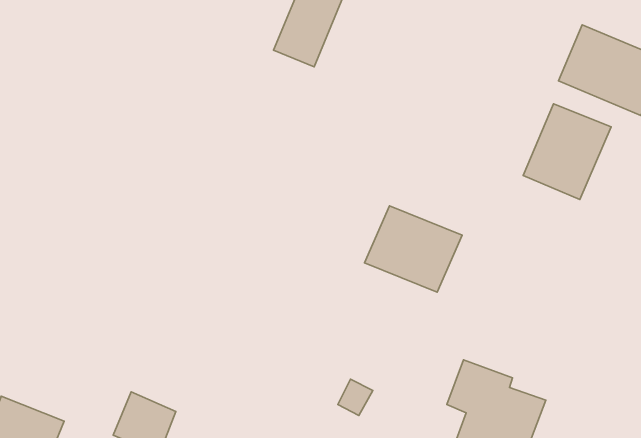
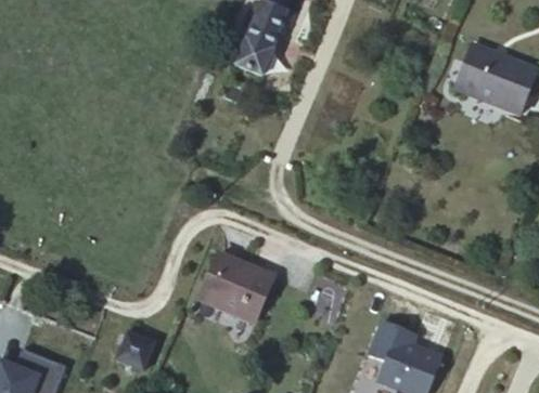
building: [523,104,611,200] -> none
building: [364,206,462,292] -> [207,263,283,330]

